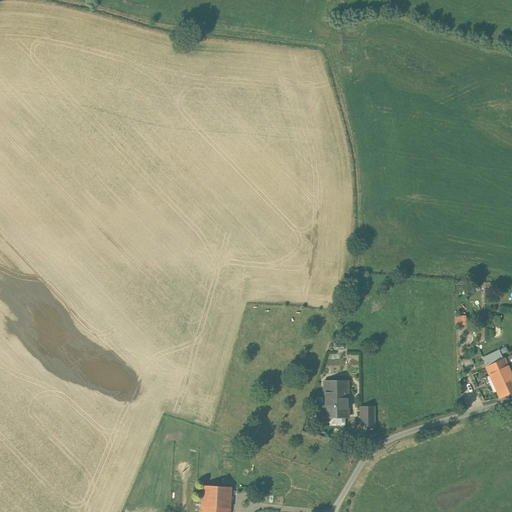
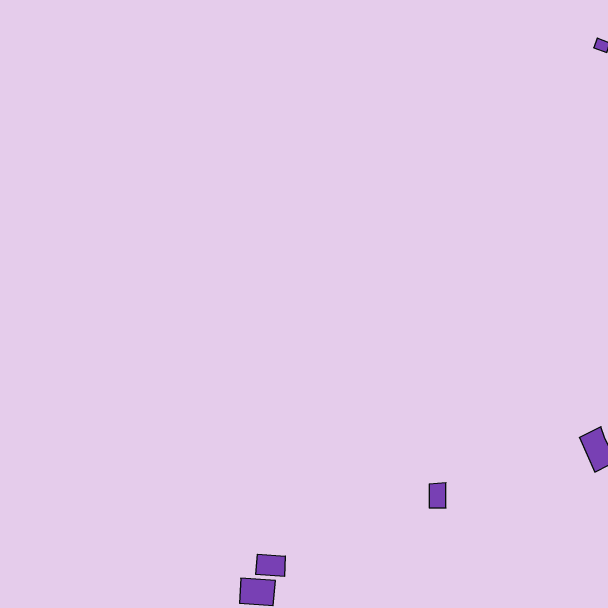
building: [325,380,349,417] -> none
building: none -> [256,554,285,576]

